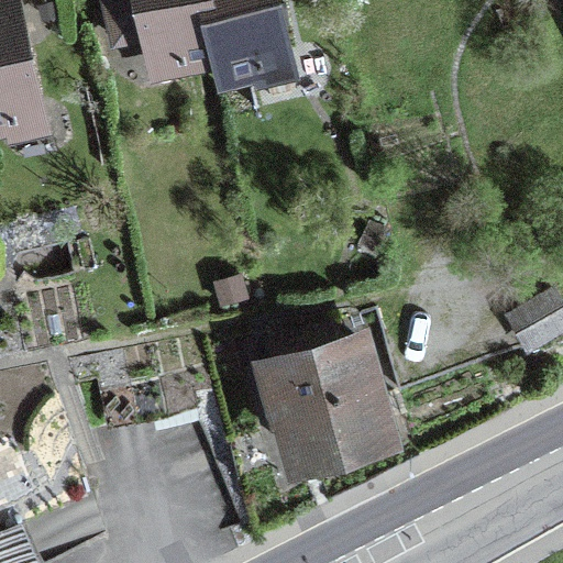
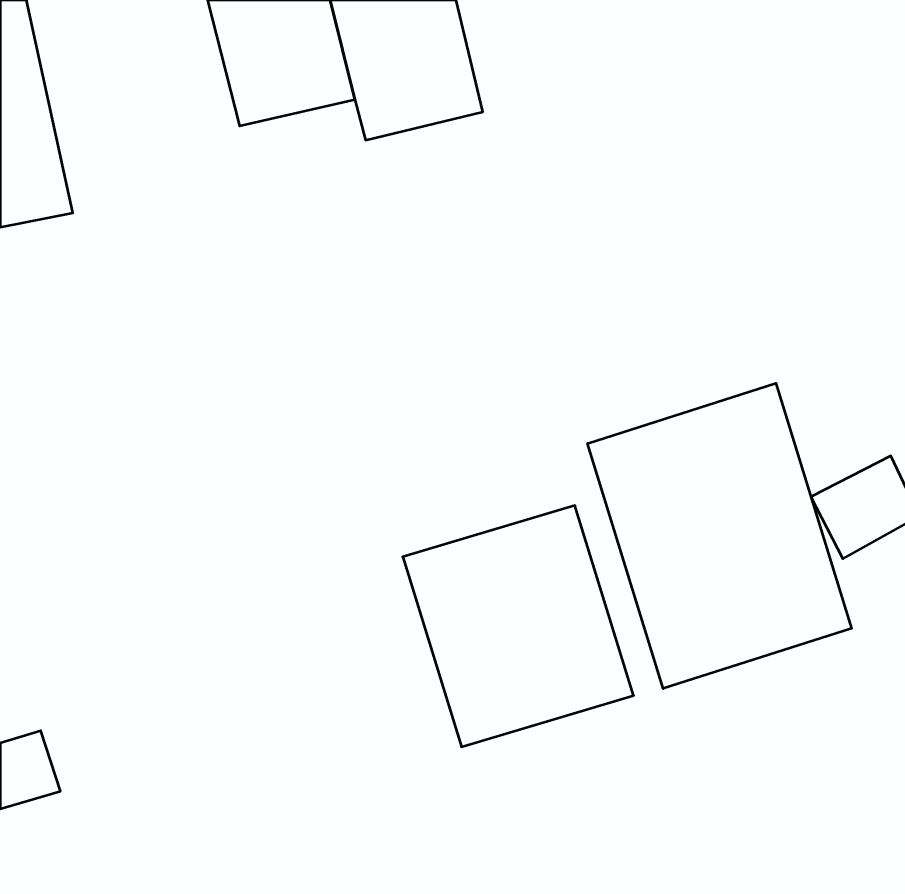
building: none -> [588,383,852,689]

